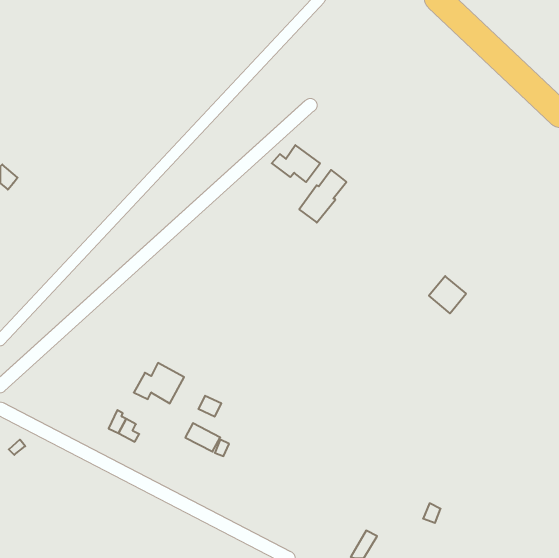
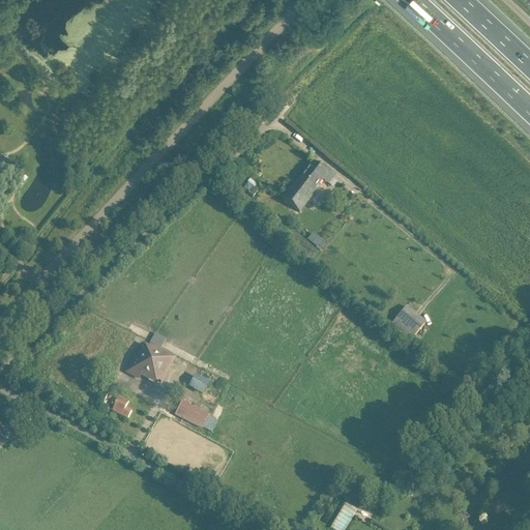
building: [272,145,320,182] -> none
building: [429,276,466,313] -> [391,304,426,340]

